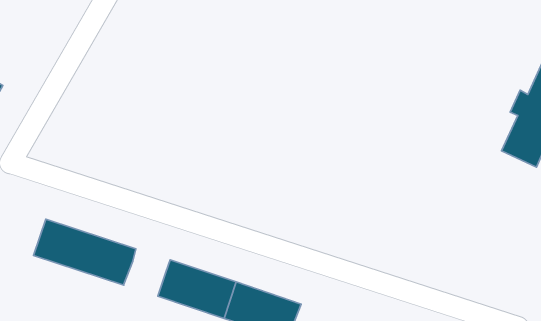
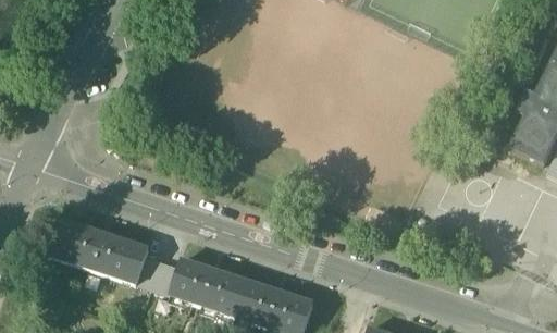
building: none -> [137,259,178,294]

